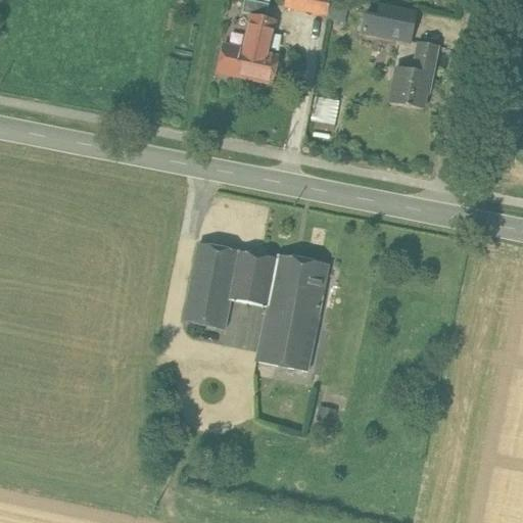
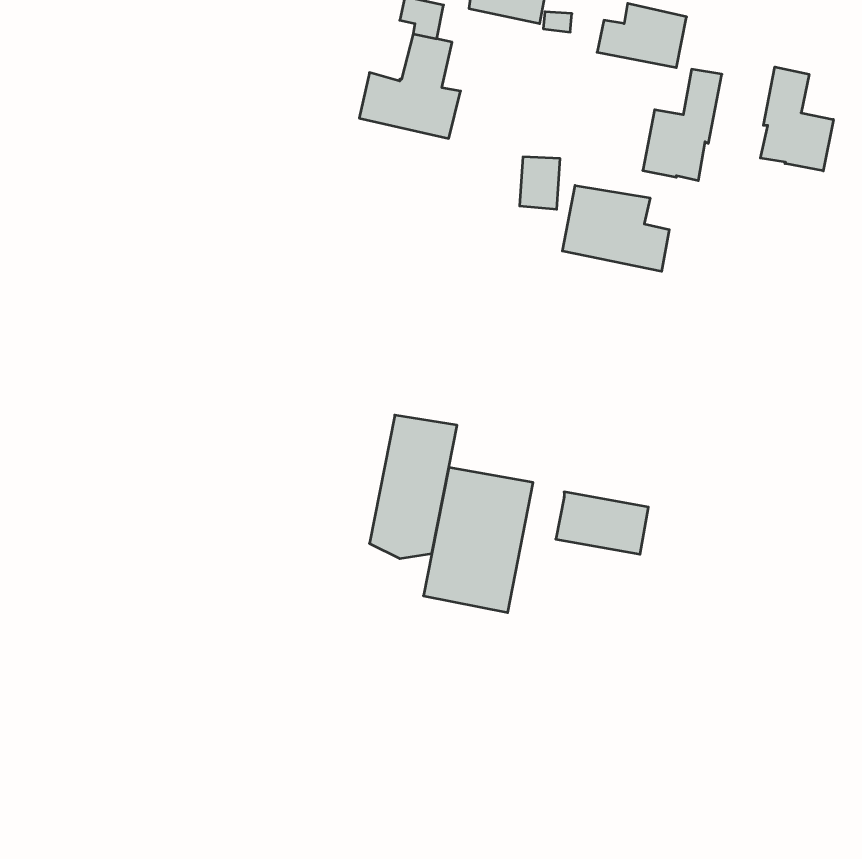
building: none -> [760,67,833,171]
building: none -> [562,185,669,271]
building: [183,243,239,329] -> none
building: [272,254,328,292] -> [556,492,648,554]

